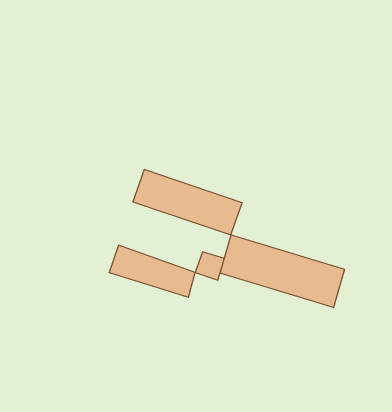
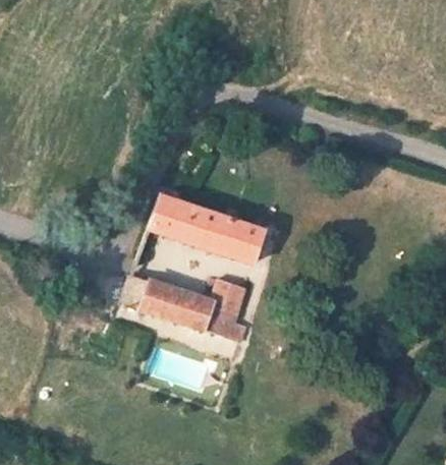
building: [220,235,345,308] -> none
building: none -> [208,304,250,343]

